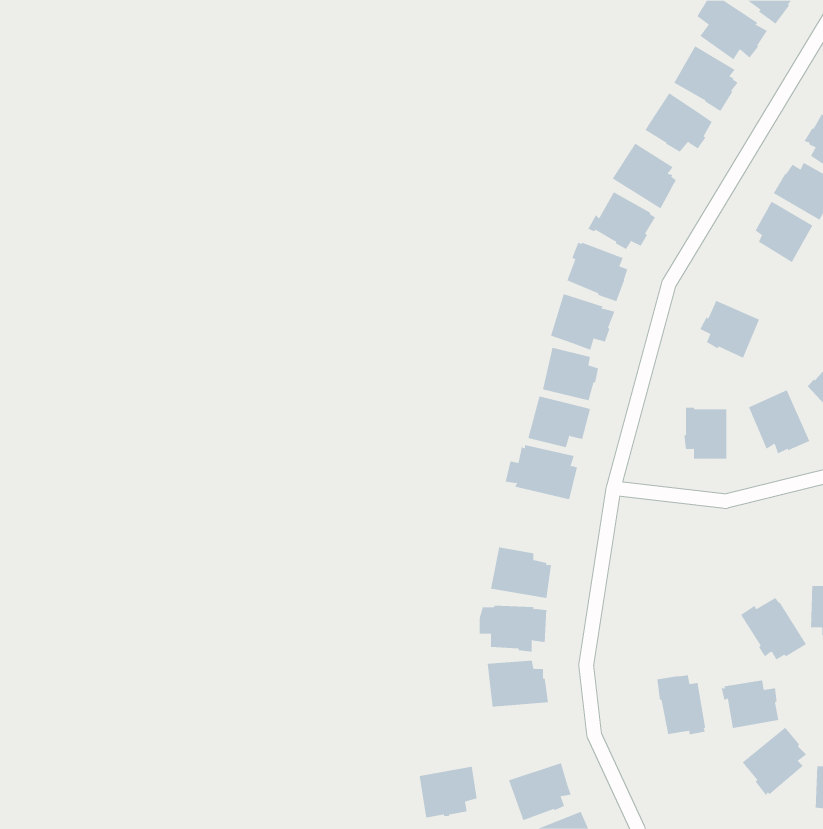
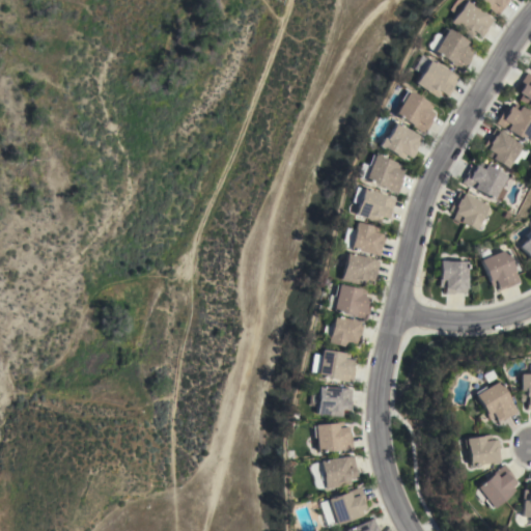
building: none -> [466,162,510,201]
building: none -> [328,315,366,348]
building: [657,675,706,735] -> none
building: [419,766,477,818] -> [322,455,359,488]

